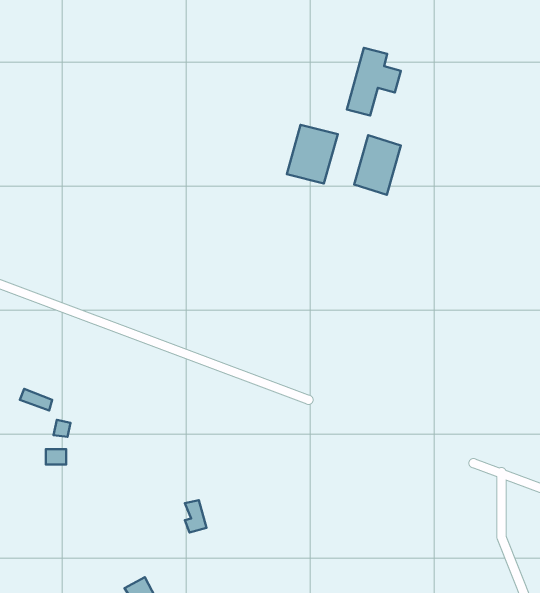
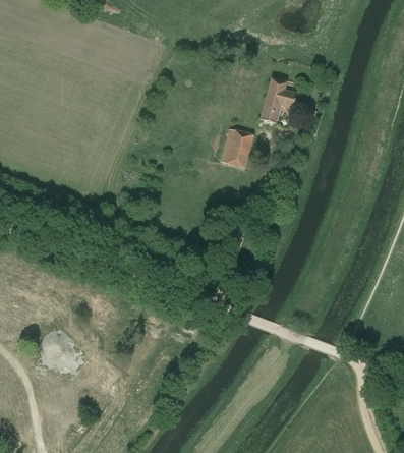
building: [354,135,401,195] -> none

